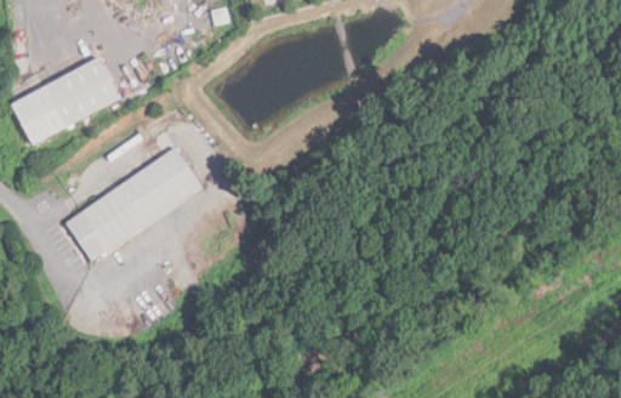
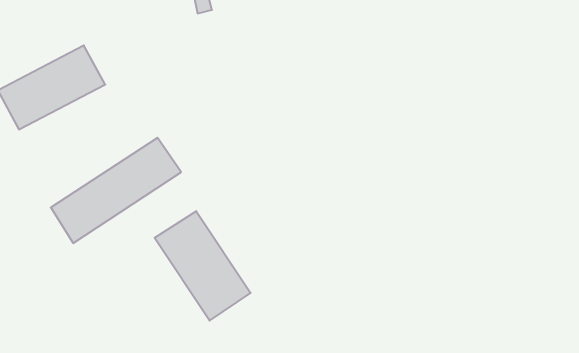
building: none -> [155,211,251,321]

